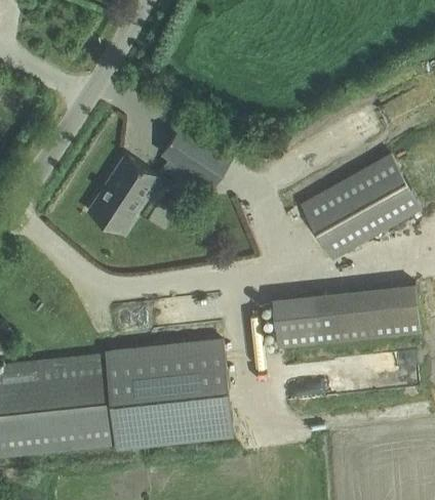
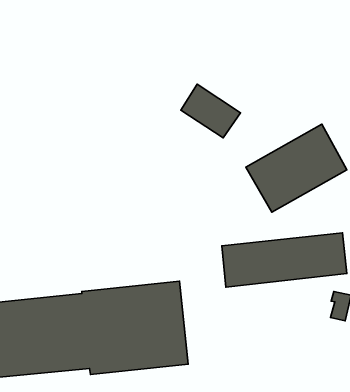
building: [162,125,233,189] -> [181,84,240,138]
building: [87,154,158,233] -> none

